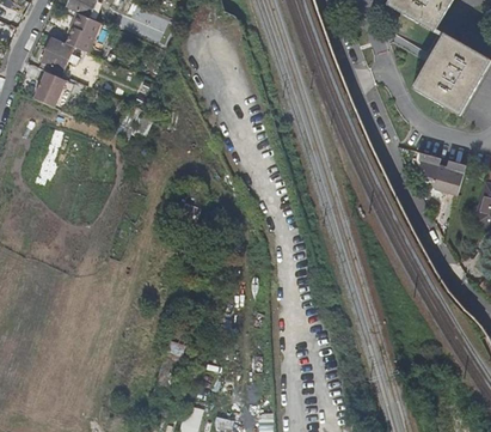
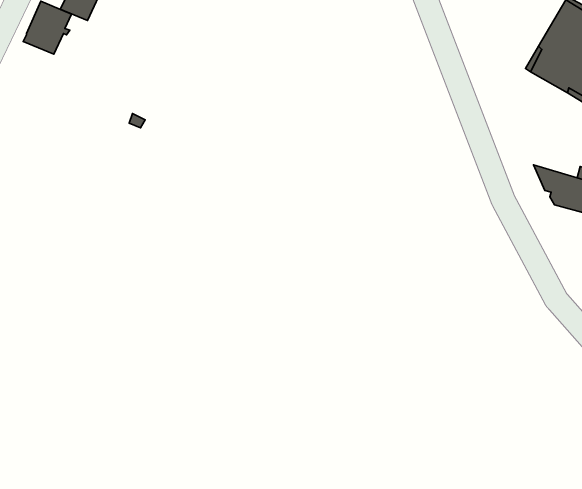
building: [31,69,66,107] -> none

